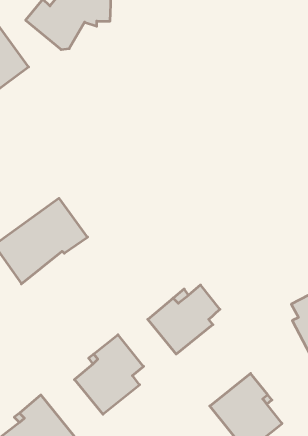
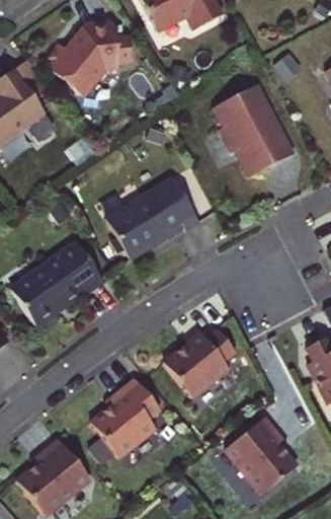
building: none -> [214,83,293,175]
building: none -> [108,177,202,261]

